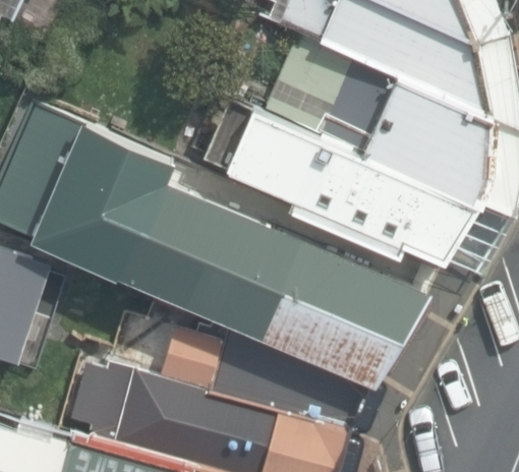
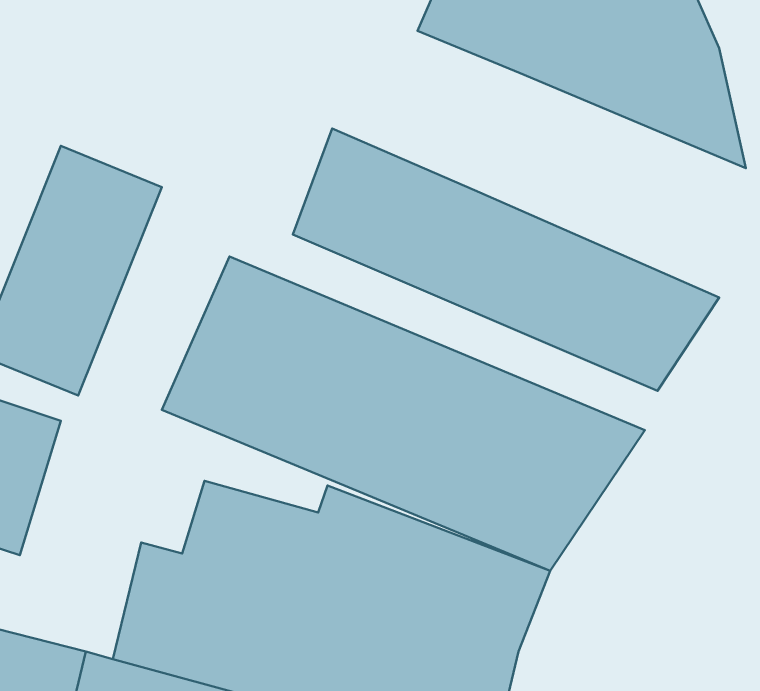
building: [316,62,492,206] -> none

